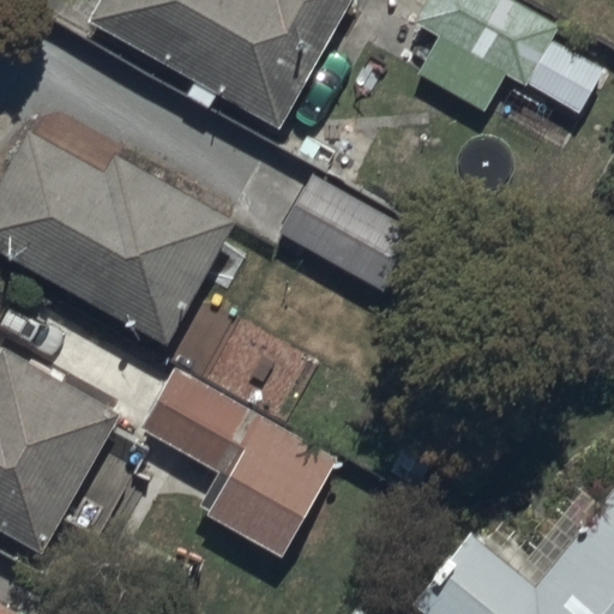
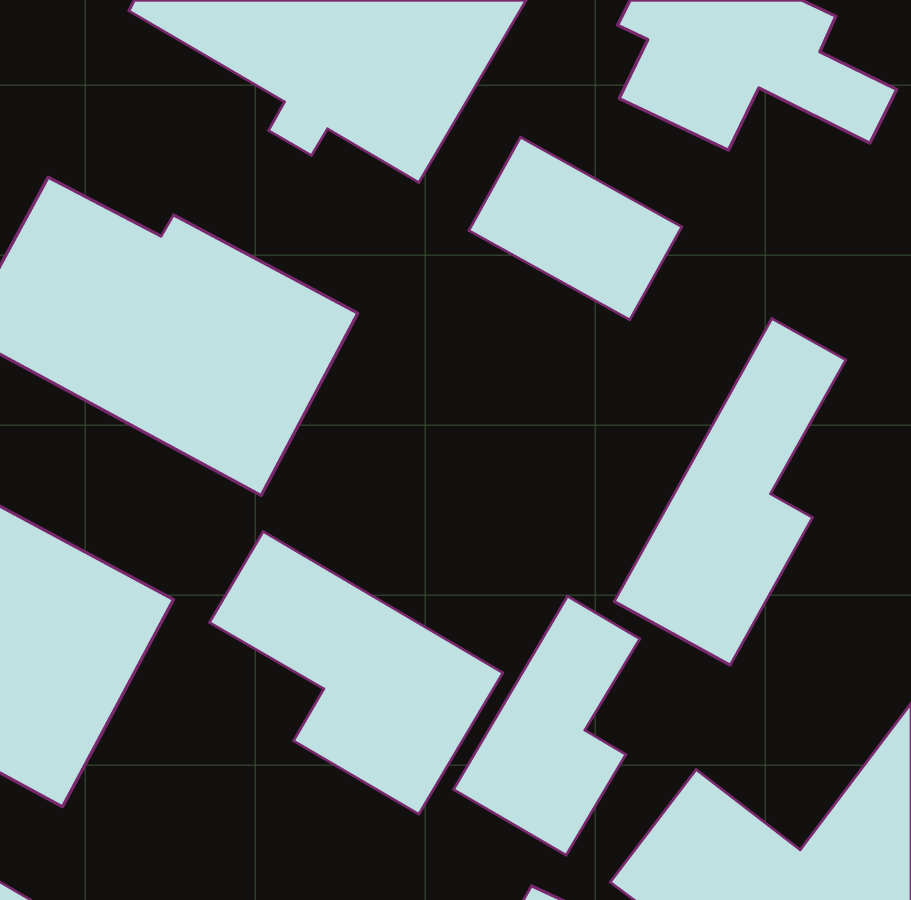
building: [277,173,420,295] -> [469,137,682,320]
building: none -> [614,318,846,665]
building: none -> [454,596,640,855]

